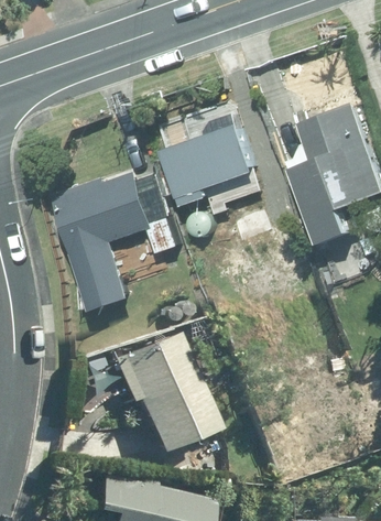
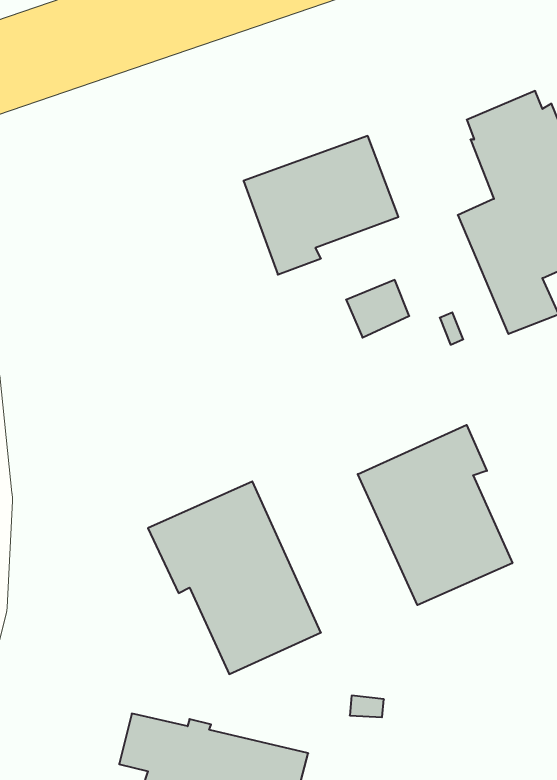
building: [47,170,177,311] -> none
building: none -> [358,425,512,605]

